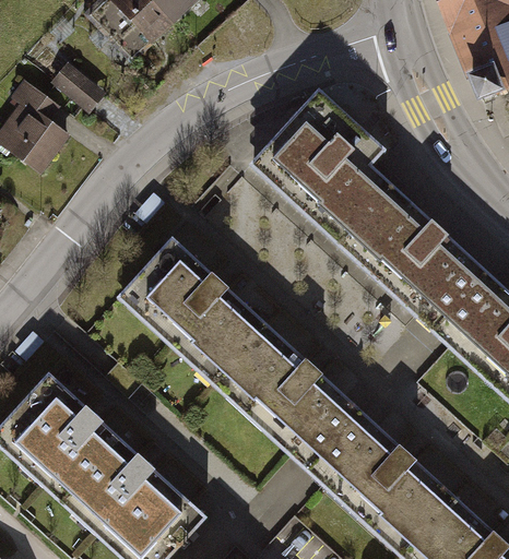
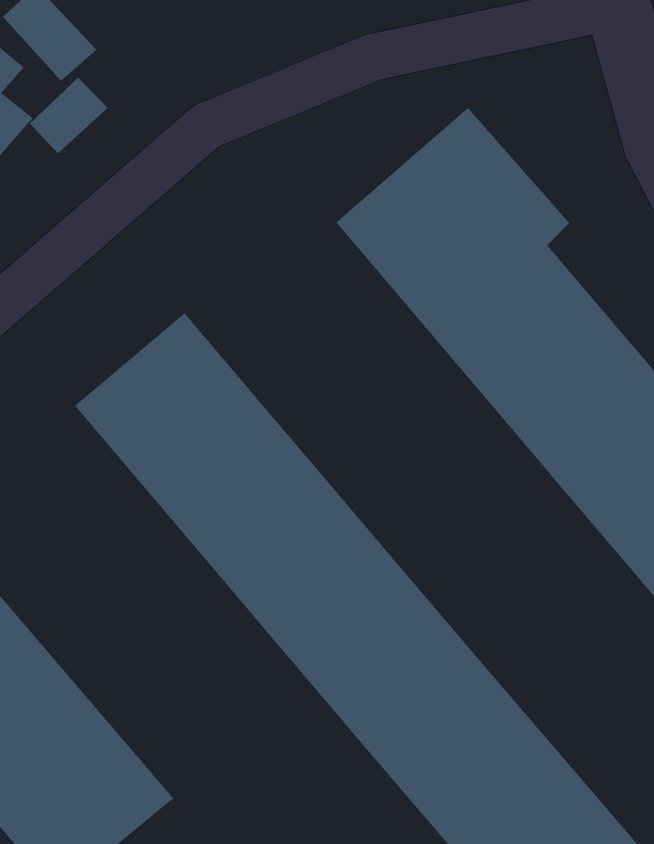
building: none -> [29,77,109,154]

